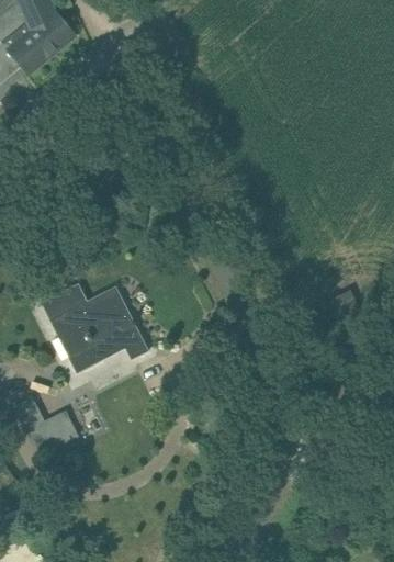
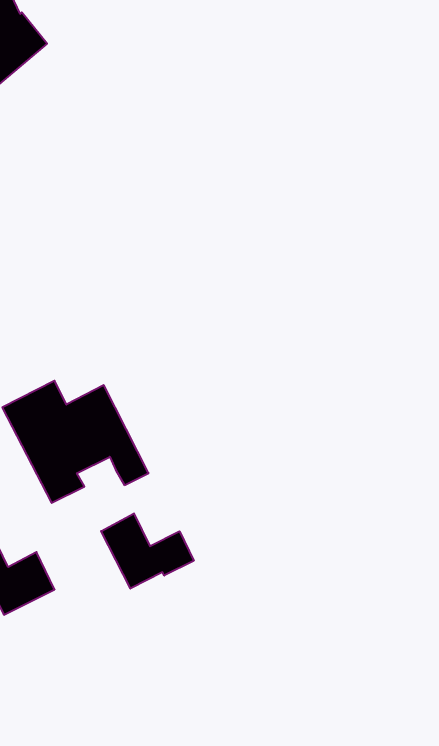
building: none -> [101,513,194,589]

